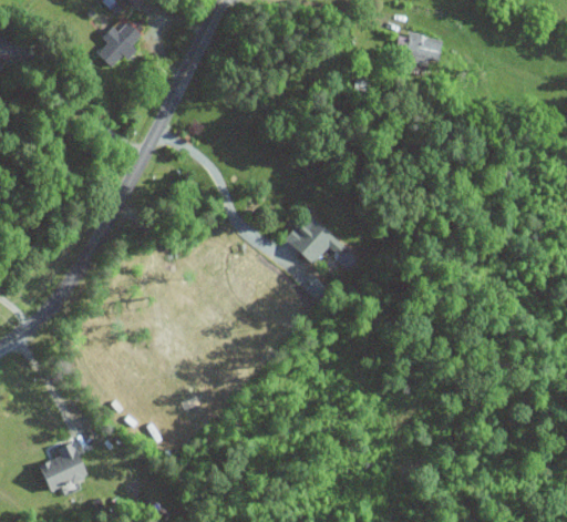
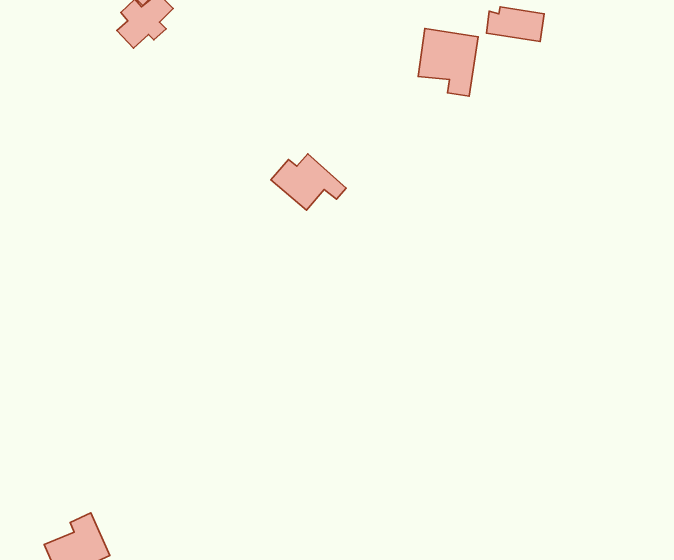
building: none -> [418,29,478,96]
building: [287,219,348,265] -> [271,154,346,210]

